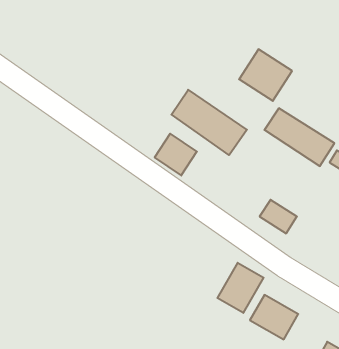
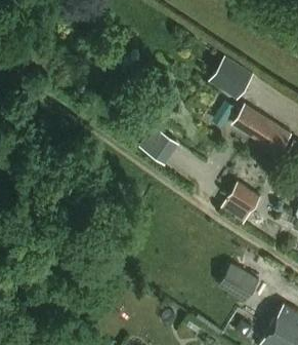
building: [171,90,247,155] -> none
building: [217,263,264,313] -> none

